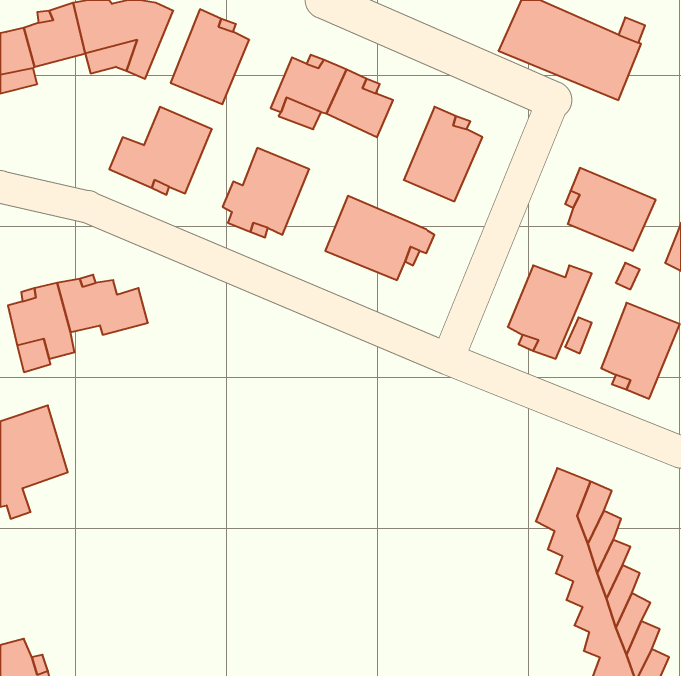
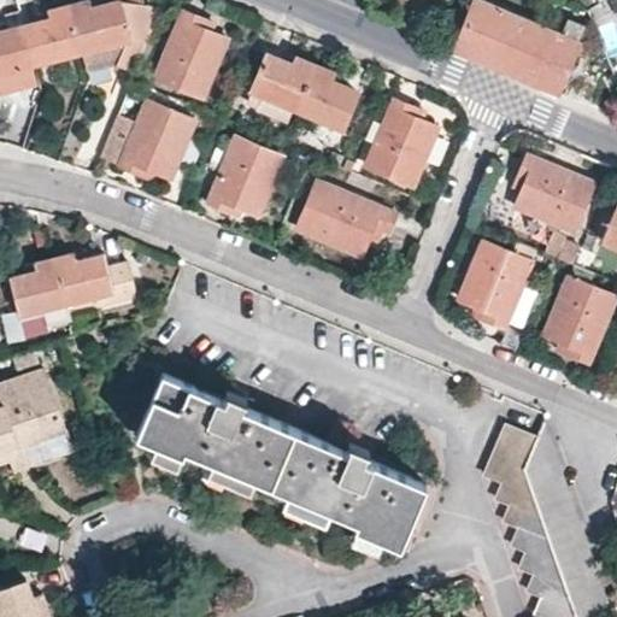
building: none -> [134,375,424,547]

